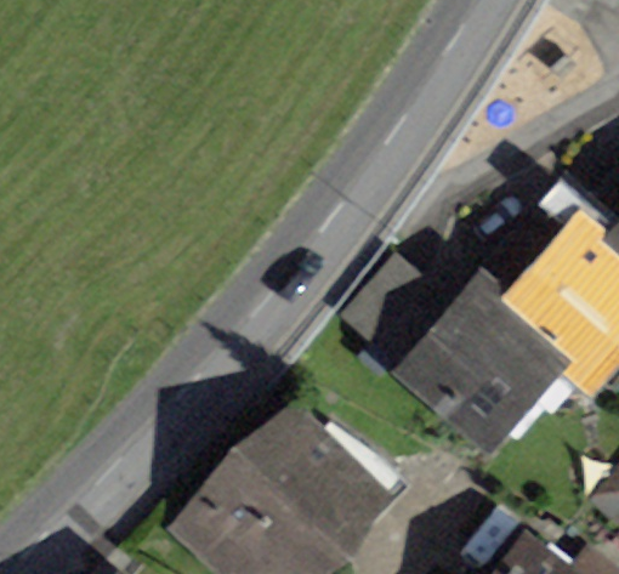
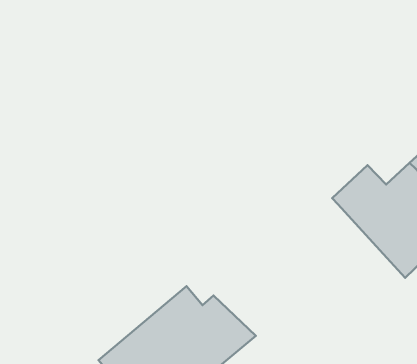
building: [375,291,561,447] -> none

